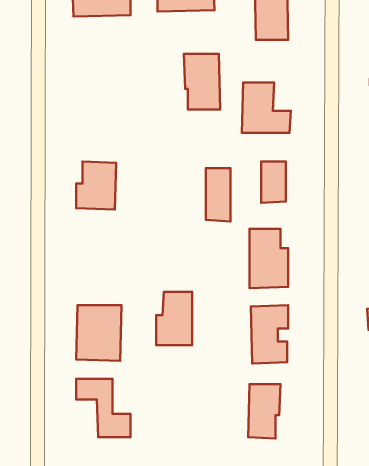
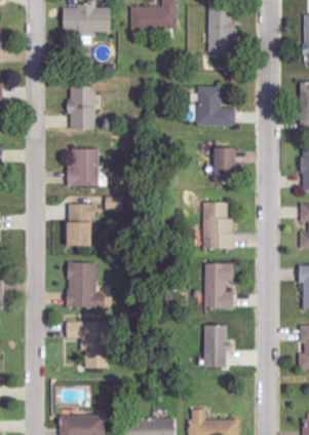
building: [184,54,220,110] -> [67,86,95,131]
building: [206,168,230,221] -> none
building: [156,292,192,345] -> [63,205,91,247]

